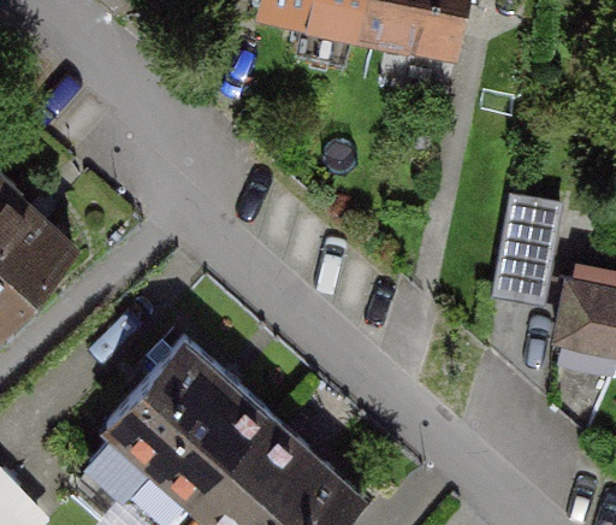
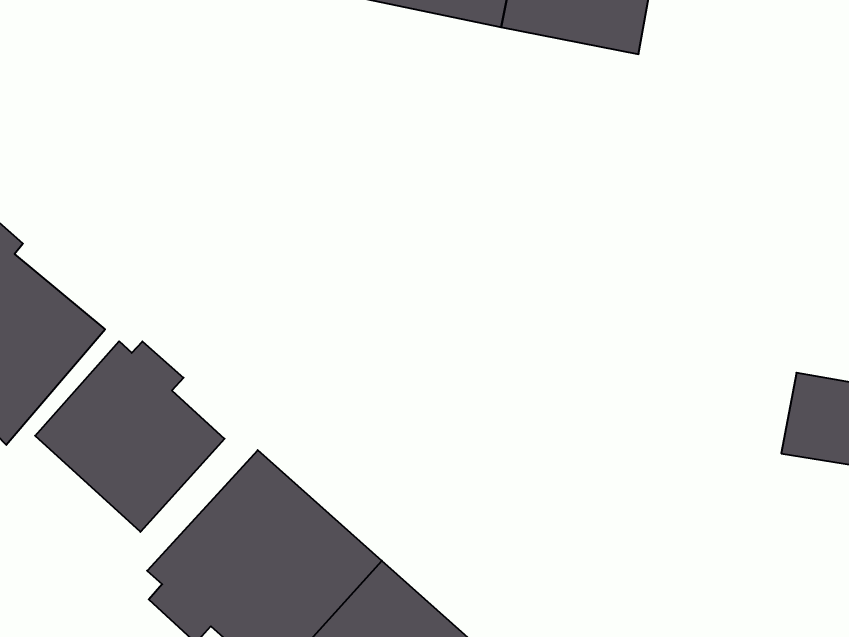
building: [496,200,562,306] -> none
building: none -> [35,341,225,532]

